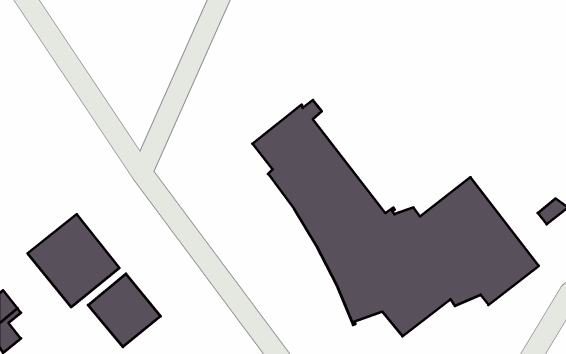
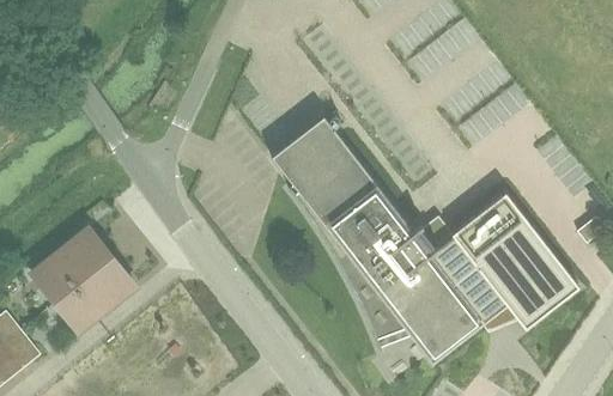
building: [88,274,161,347] -> none

